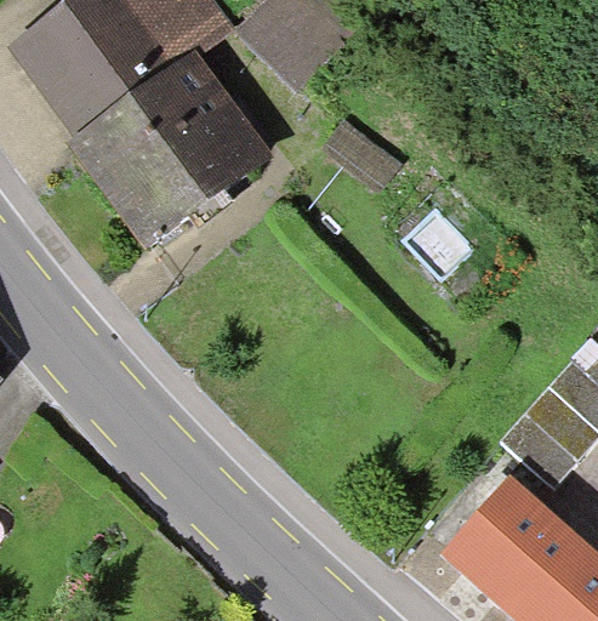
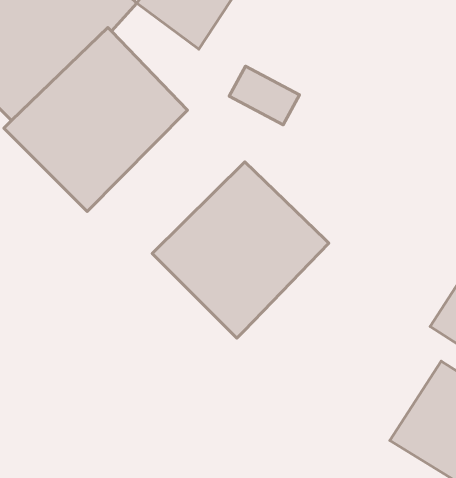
building: none -> [152,162,329,338]

